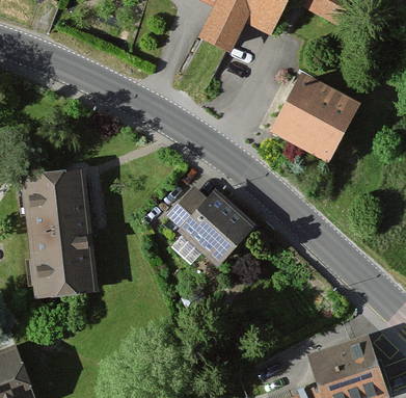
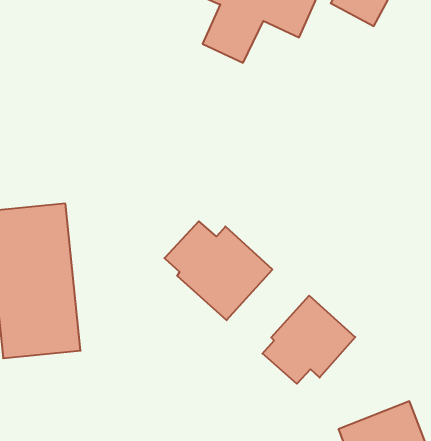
building: [272,73,363,163] -> none
building: none -> [262,296,355,384]

